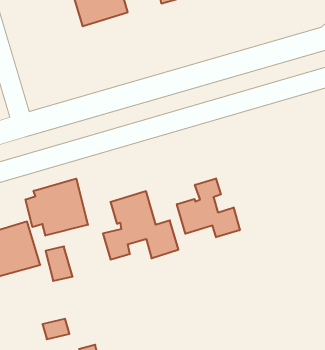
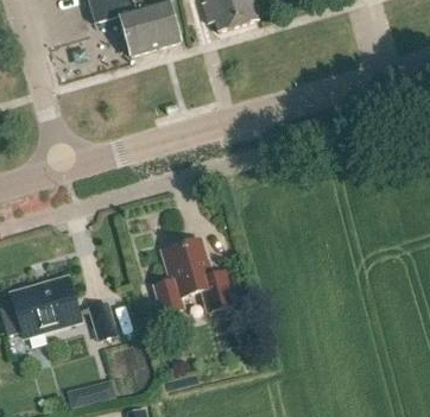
building: [177,178,240,237] -> none
building: [26,179,88,236] -> none

